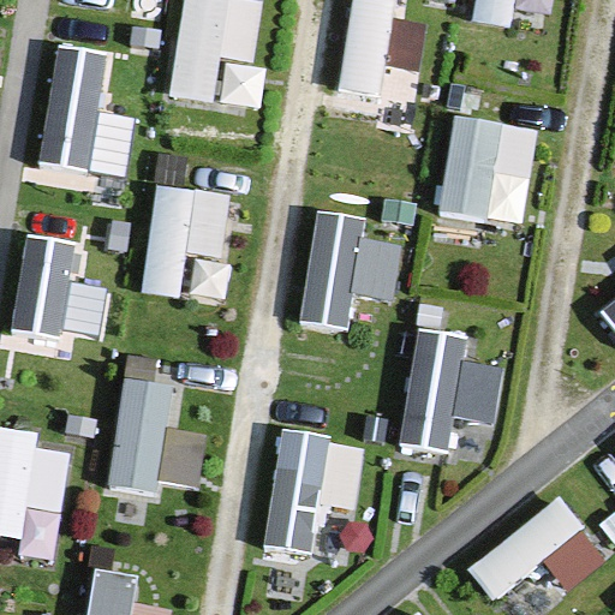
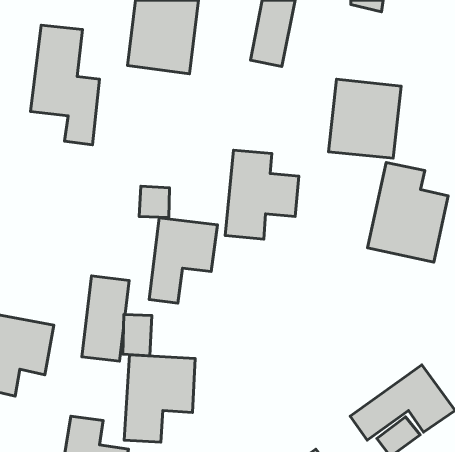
building: [143,183,234,297] -> [149,218,217,303]
building: [14,233,105,338] -> none
building: [395,327,503,460] -> [367,162,448,262]
building: [267,434,362,550] -> [124,355,195,442]

